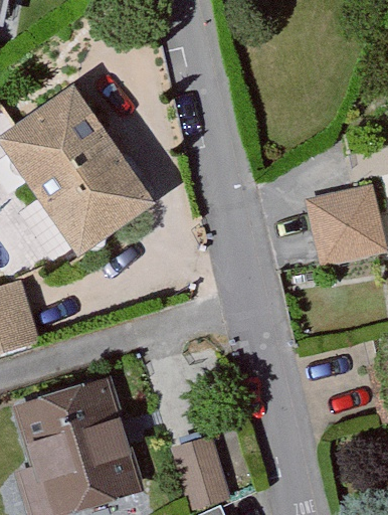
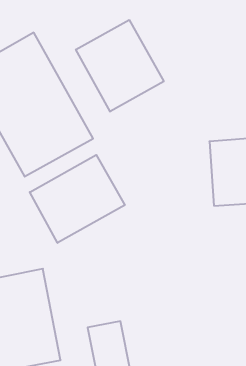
building: none -> [76,20,164,112]
building: none -> [30,155,125,243]

